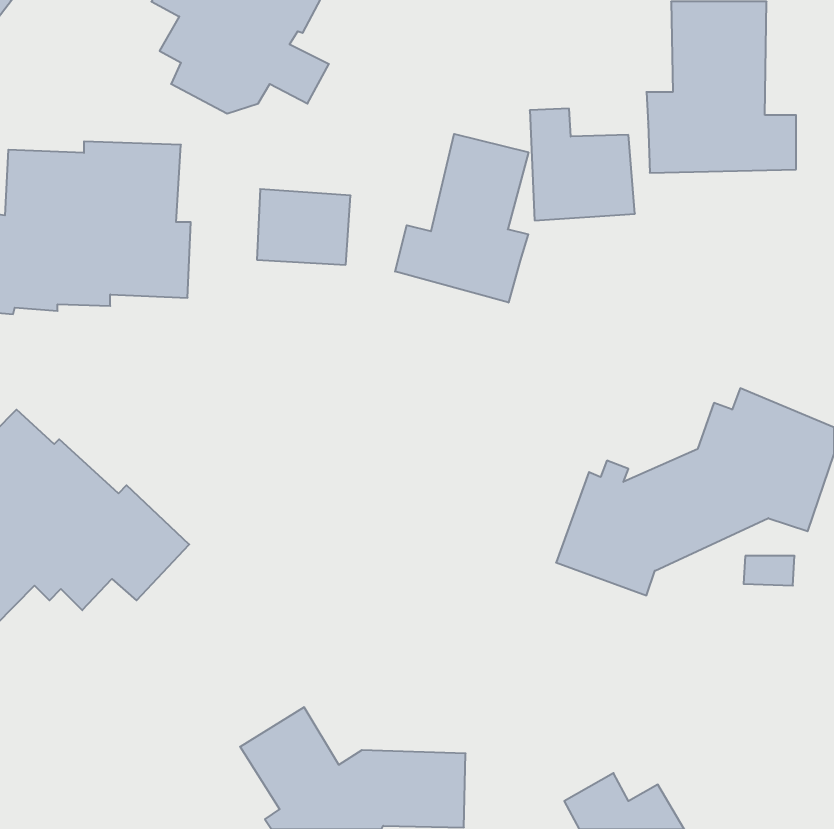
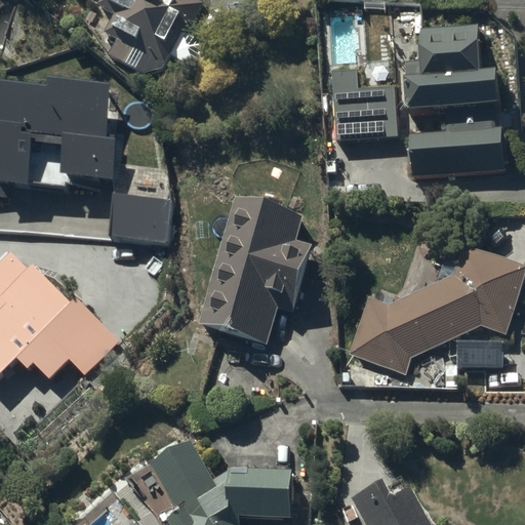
building: [395,134,528,303] -> none
building: none -> [409,116,500,172]
building: [257,189,351,265] -> [114,199,172,246]
building: none -> [199,197,309,341]

